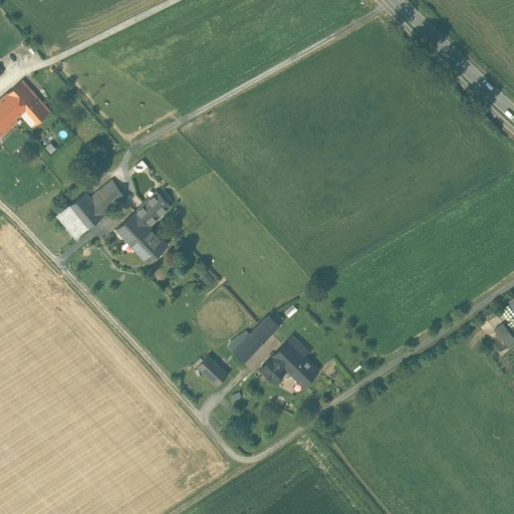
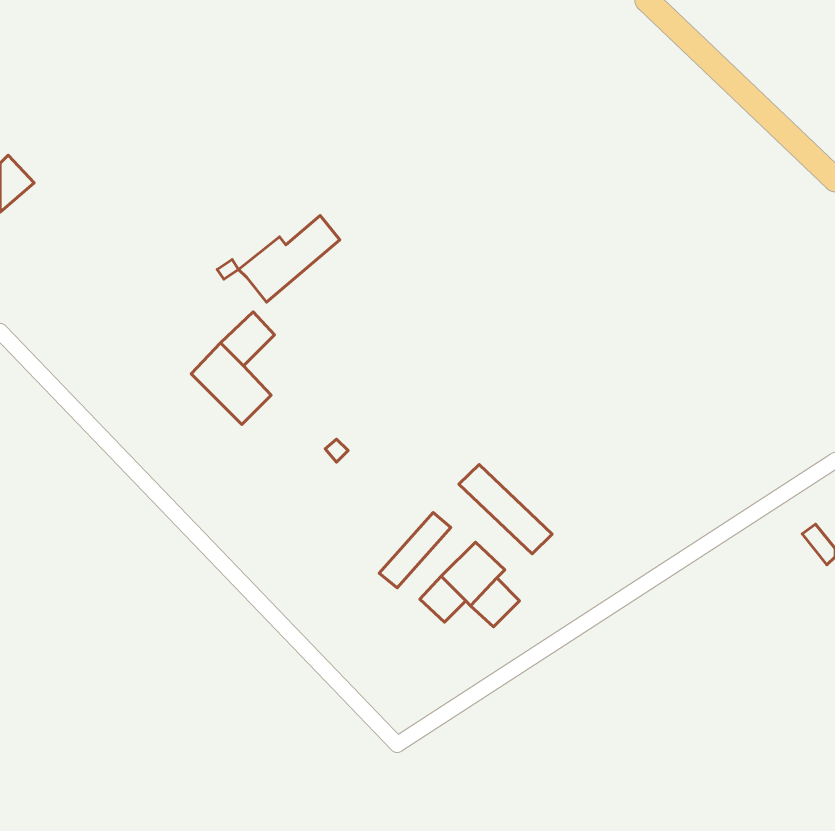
building: [5,82,48,126] -> none
building: [61,182,123,235] -> [239,216,340,302]
building: none -> [459,465,552,554]
building: [196,356,227,387] -> none

